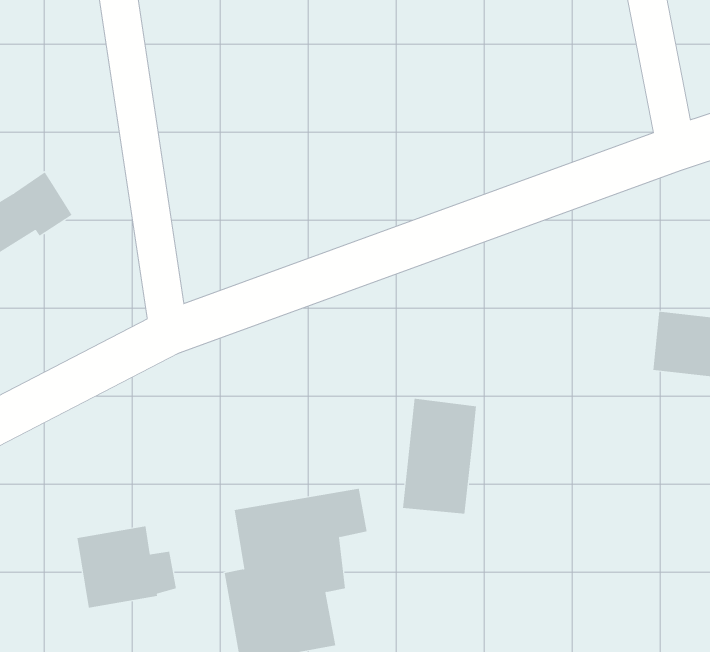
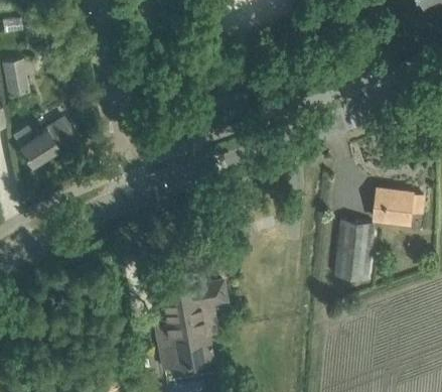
building: [402,398,477,514] -> [336,220,375,279]
building: [77,525,176,609] -> none

